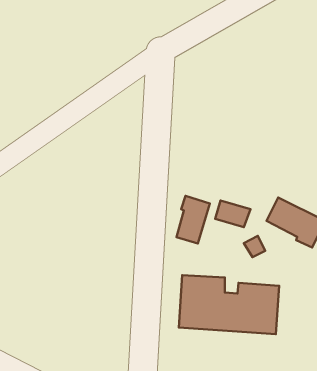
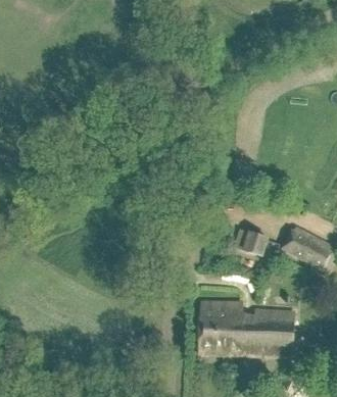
building: [176,196,210,244] -> none

